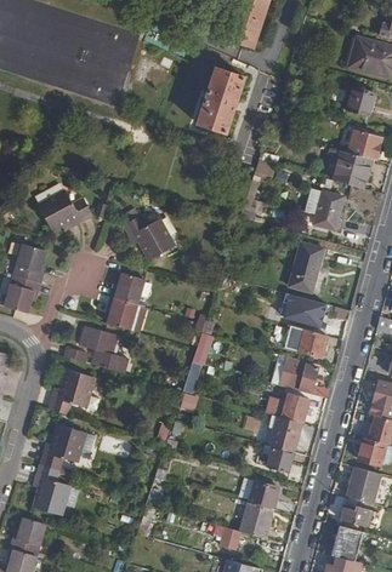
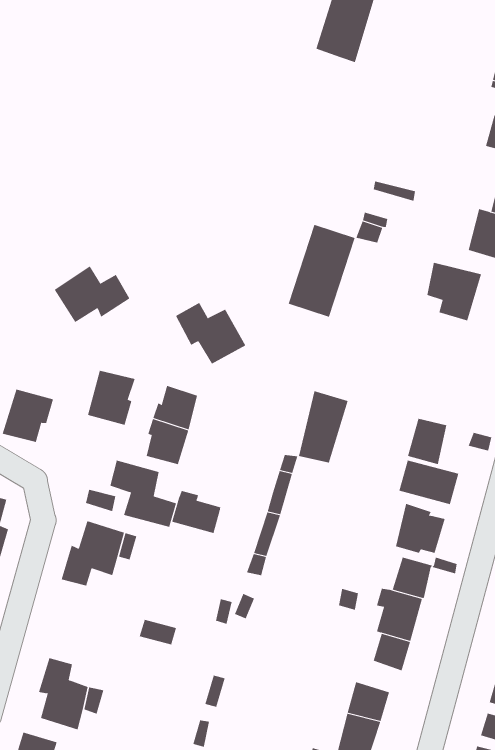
building: [197,68,244,133] -> [288,224,355,318]
building: [289,241,324,292] -> [298,390,348,463]
building: [16,245,50,284] -> [87,370,136,425]
building: none -> [172,490,221,534]
building: [39,424,84,469] -> none

